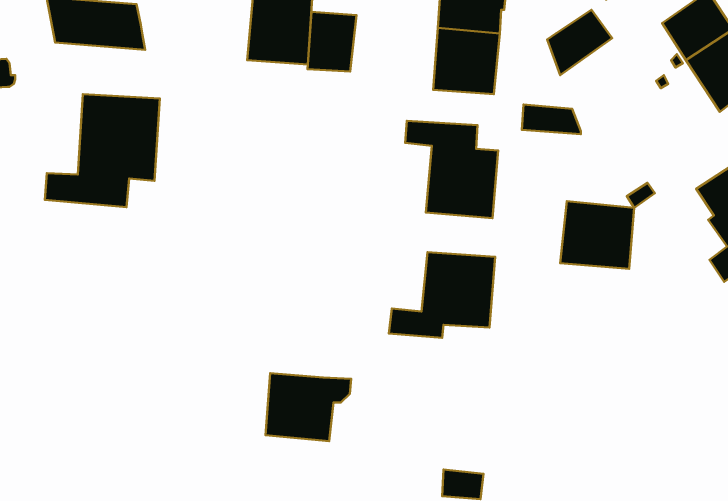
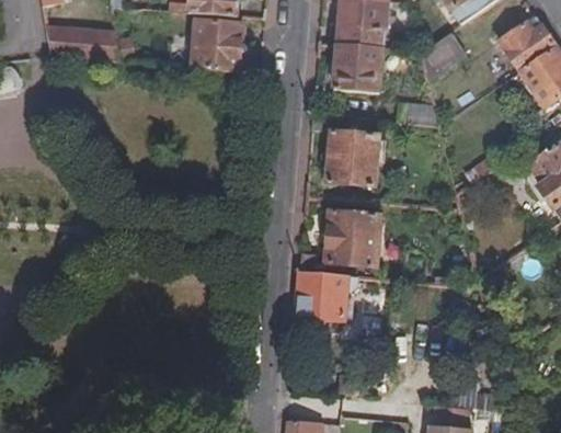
building: [307,12,356,72] -> none
building: [45,94,160,207] -> none
building: [560,201,634,269] -> none
building: [266,373,351,441] -> [297,272,360,322]

